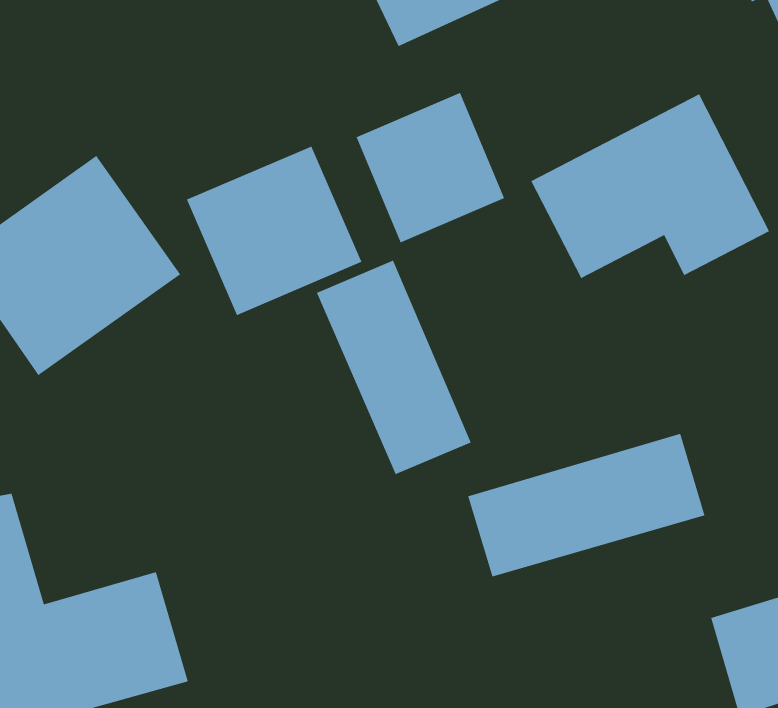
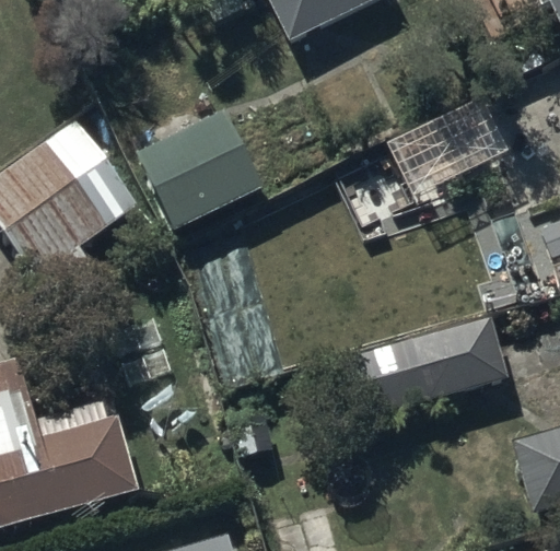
building: [355,92,505,243] -> none
building: [316,259,472,475] -> none

